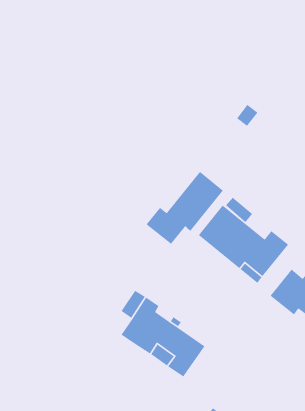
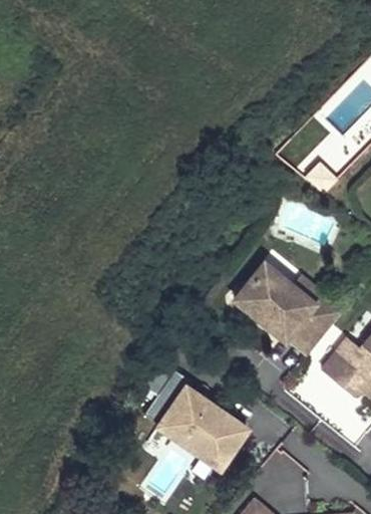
building: [146,171,224,245] -> none

